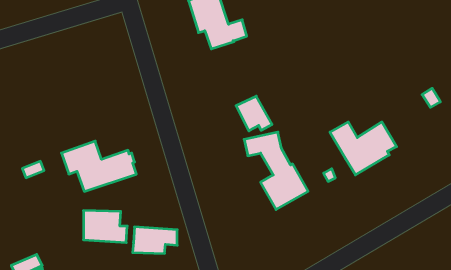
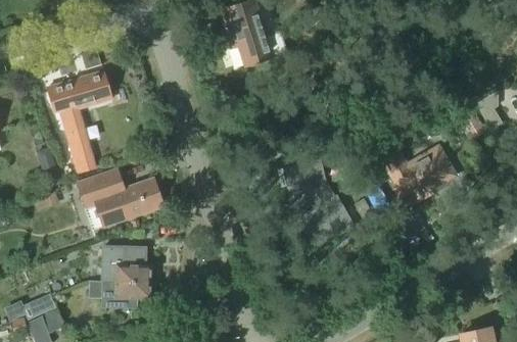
building: none -> [46,70,110,172]
building: [236,96,272,131] -> none
building: [133,227,177,253] -> [101,279,151,308]

